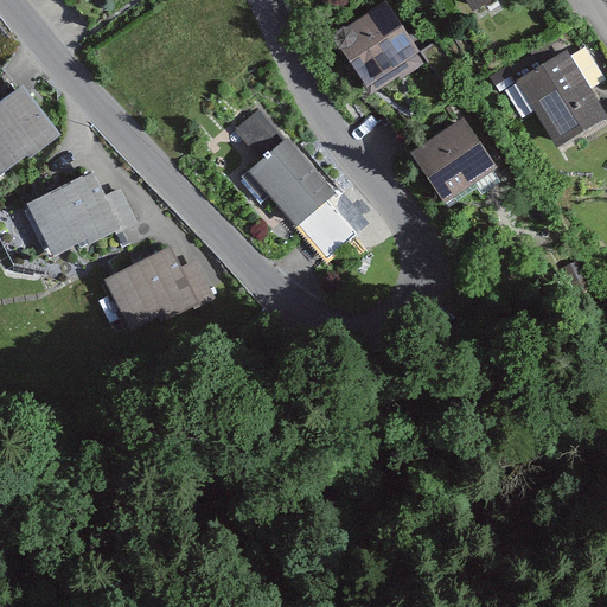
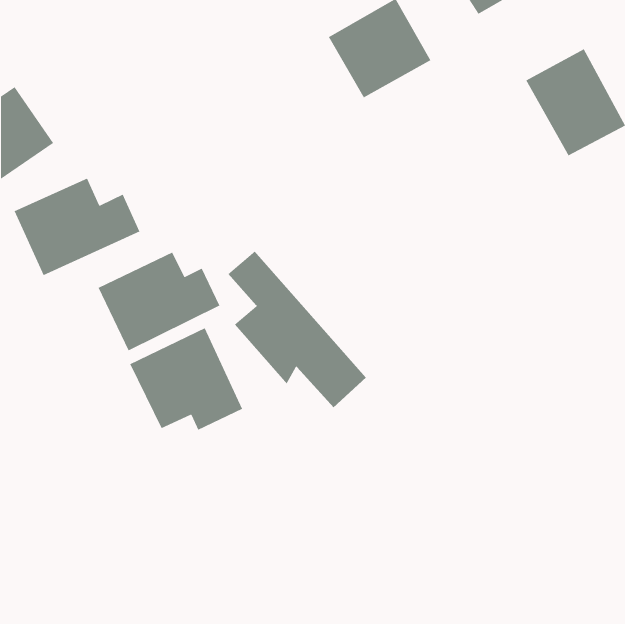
building: [242,106,376,257] -> [228,250,367,408]
building: [400,116,497,210] -> none
building: none -> [129,327,243,431]

